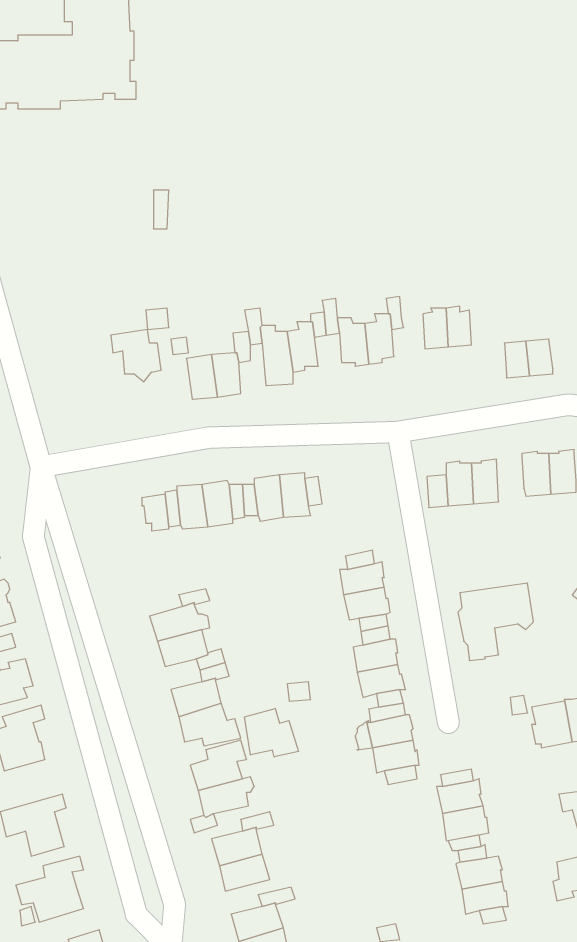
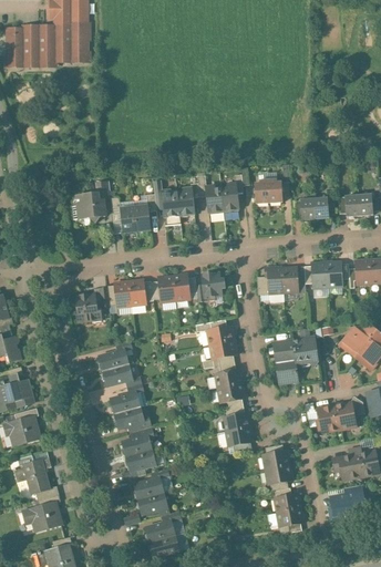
building: none -> [202,274,225,301]
building: none -> [76,293,101,321]
building: [245,708,298,757] -> none

